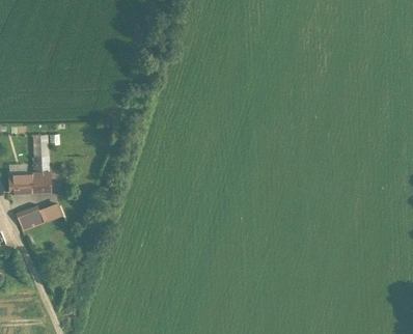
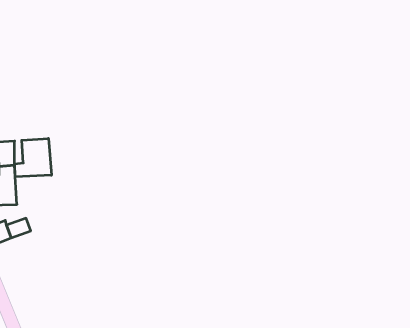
building: none -> [15,138,51,177]

